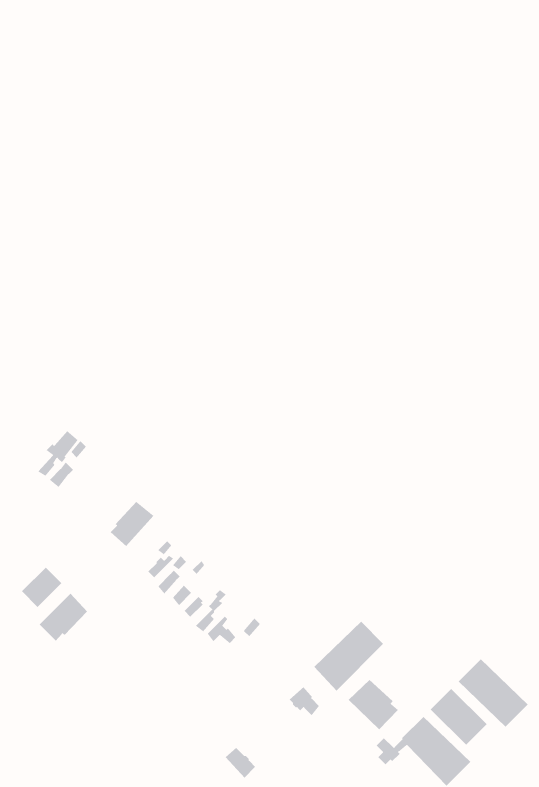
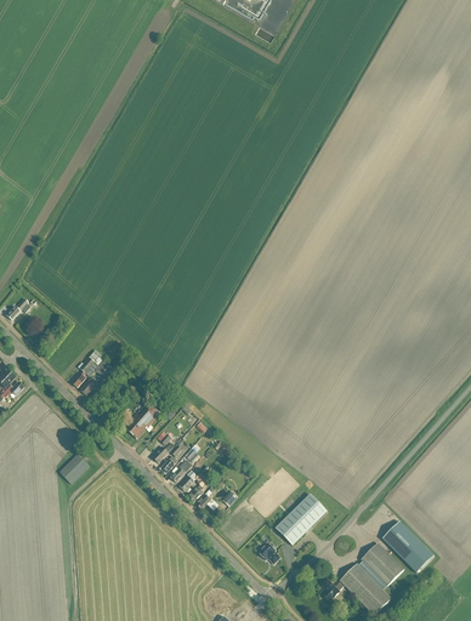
building: [39,593,88,641] -> none
building: [348,679,399,730] -> none

